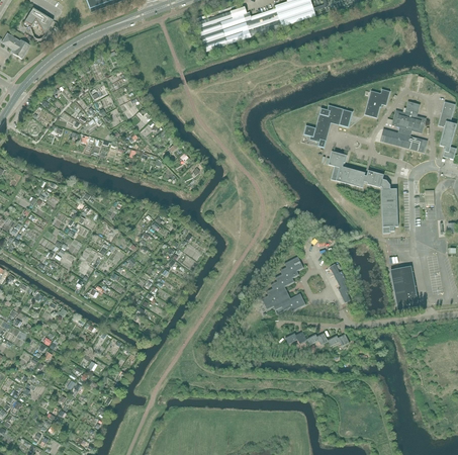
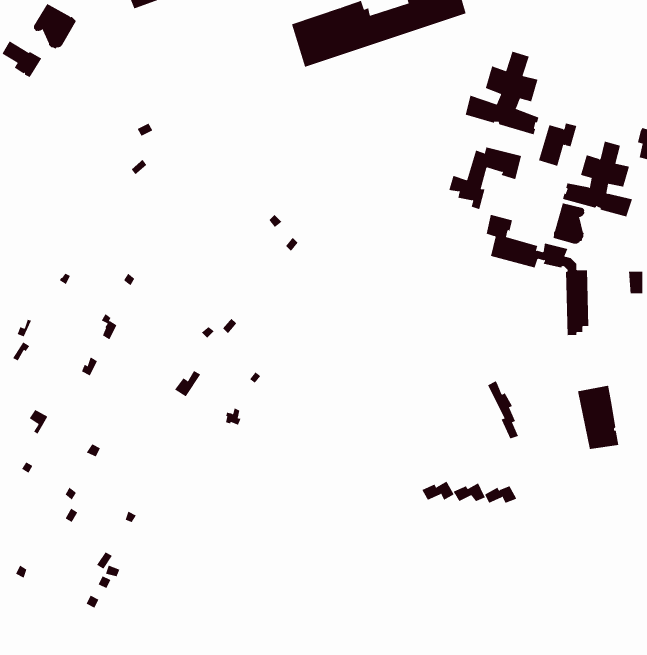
building: none -> [465,51,539,135]
building: none -> [553,203,585,245]
building: [262,256,306,314] -> none

